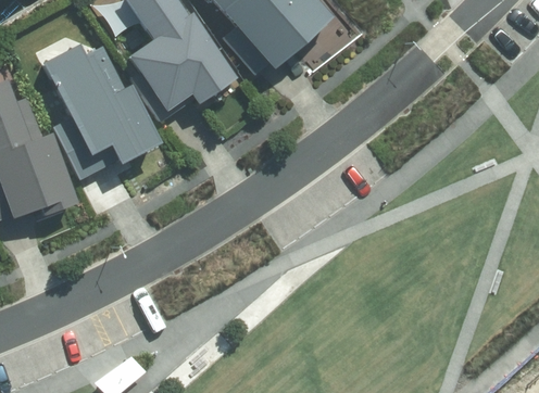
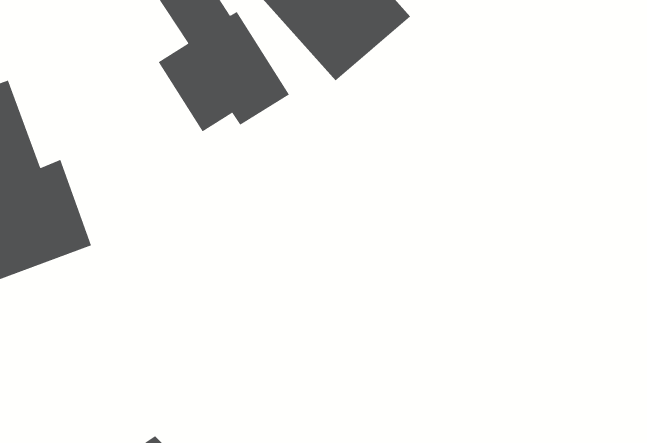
building: [45,45,162,165] -> none

